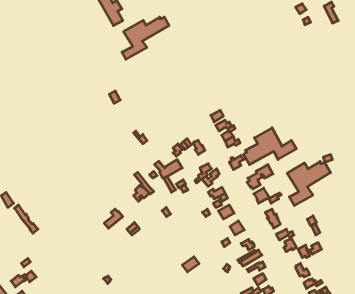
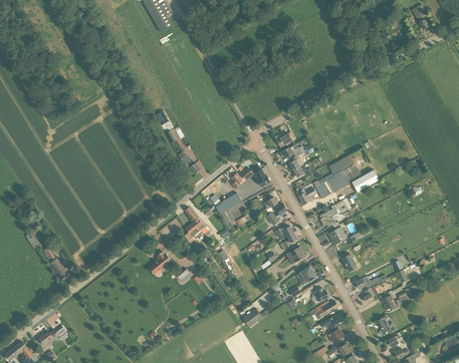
building: [122,17,169,59] -> none
building: [287,161,331,206] -> none

